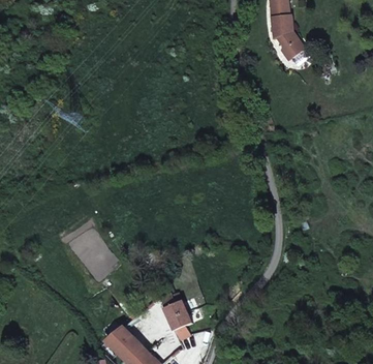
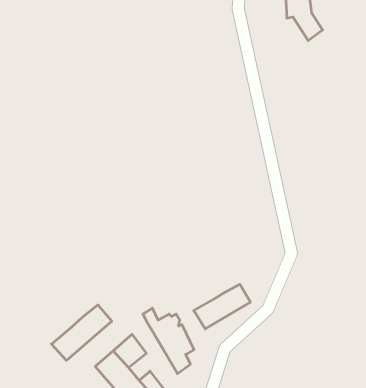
building: none -> [194,284,250,329]
building: none -> [51,305,112,360]

